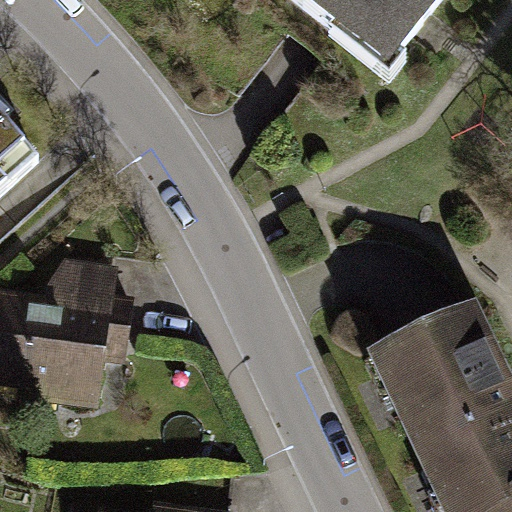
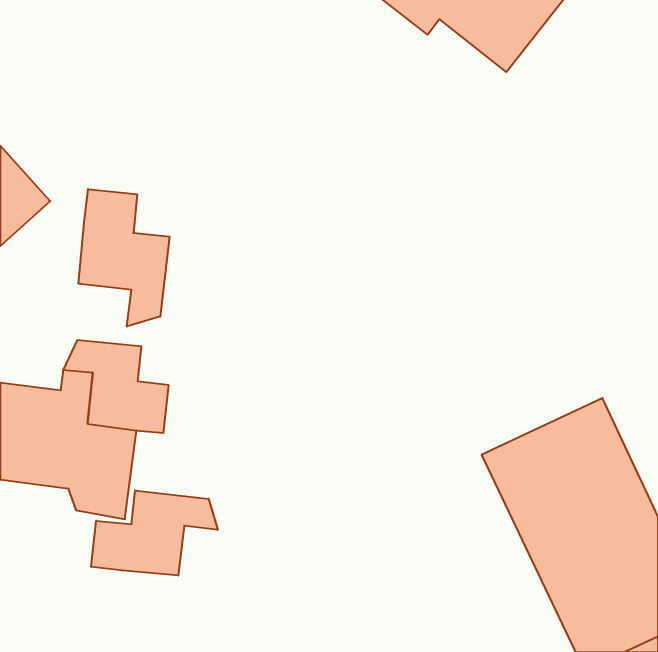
building: none -> [79,189,169,327]
building: none -> [91,490,218,576]

